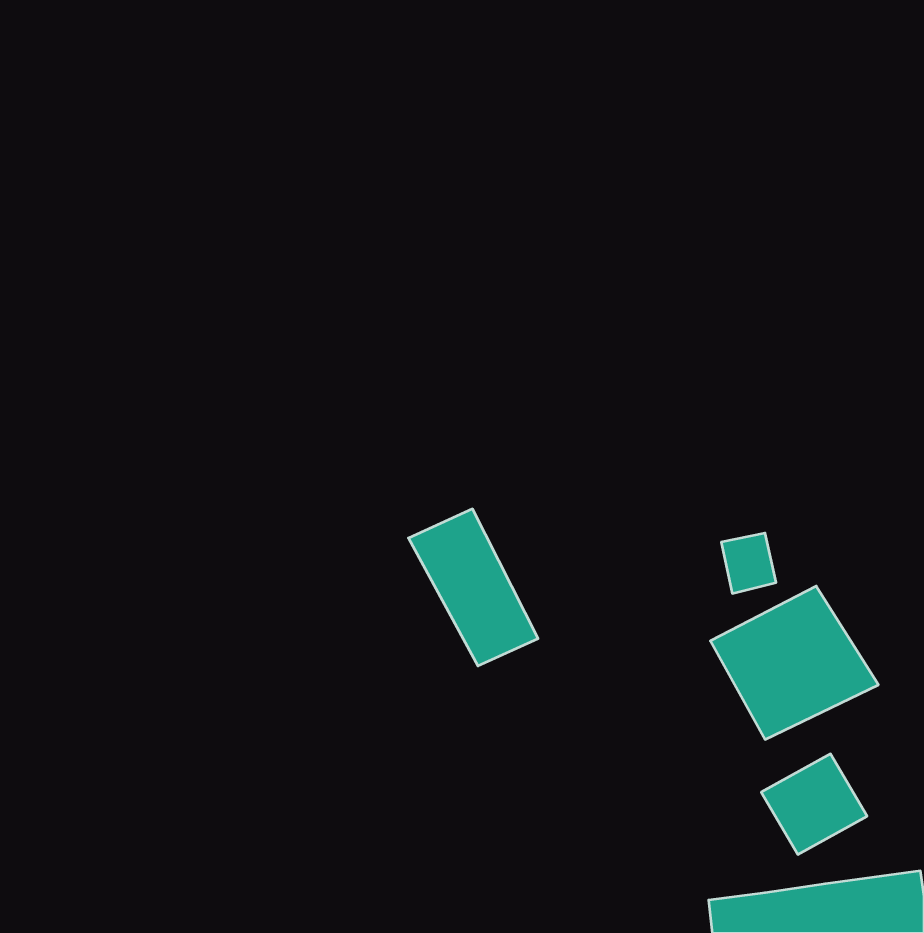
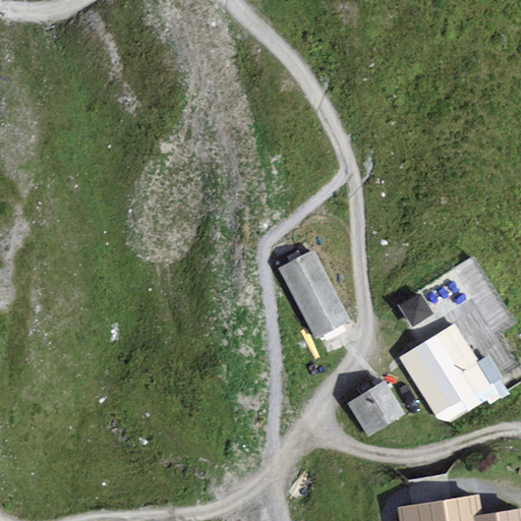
building: [408,509,538,666] -> [279,251,351,339]
building: [761,754,867,854] -> [347,383,406,439]

